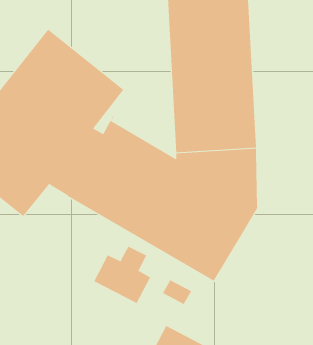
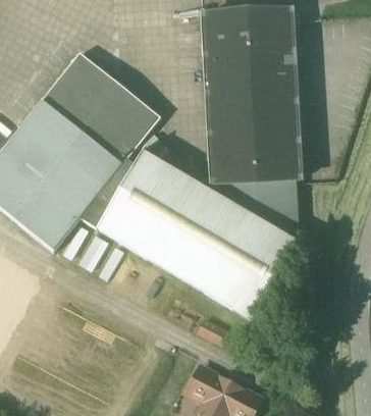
building: [94,246,151,304] -> none

